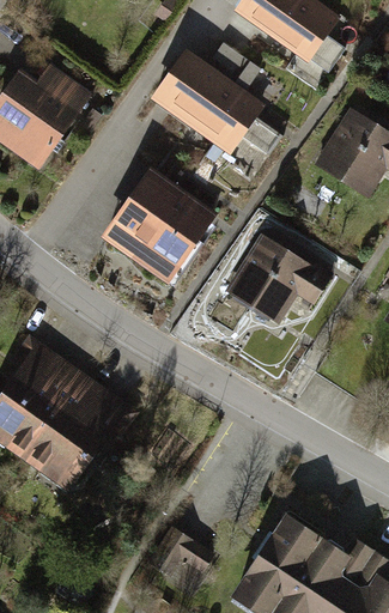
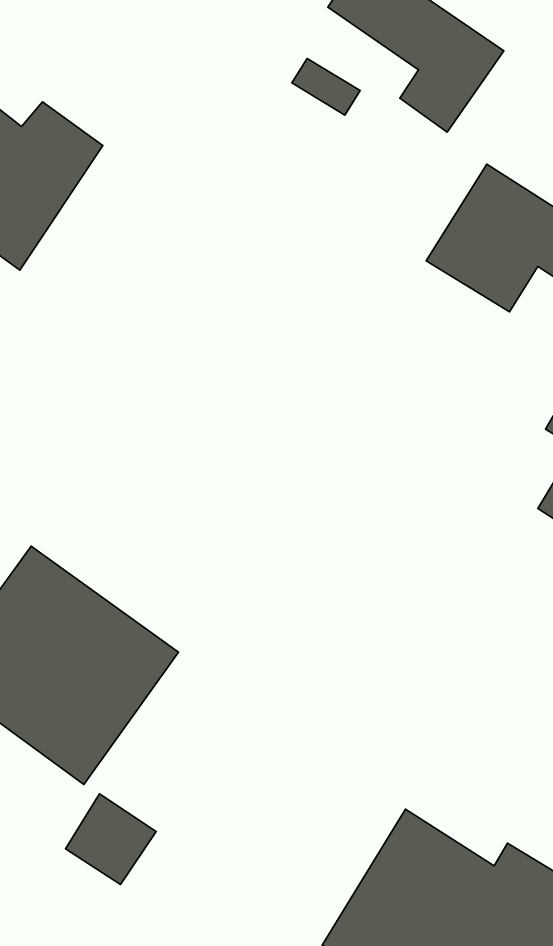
building: [154,59,278,162] -> none
building: [108,170,206,263] -> none
building: [203,226,318,327] -> none
building: [148,530,206,588] -> [66,794,156,885]

